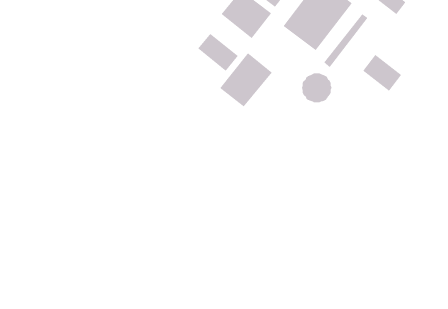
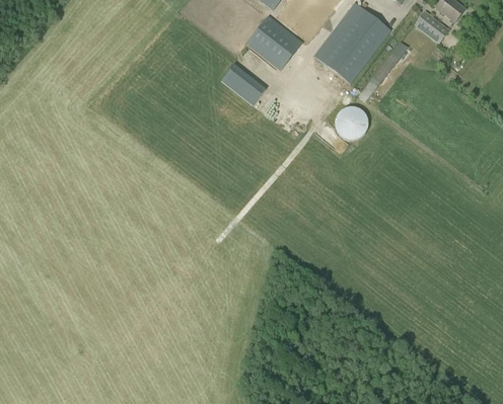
building: [219,52,273,107] -> none
building: [362,54,402,92] -> none

